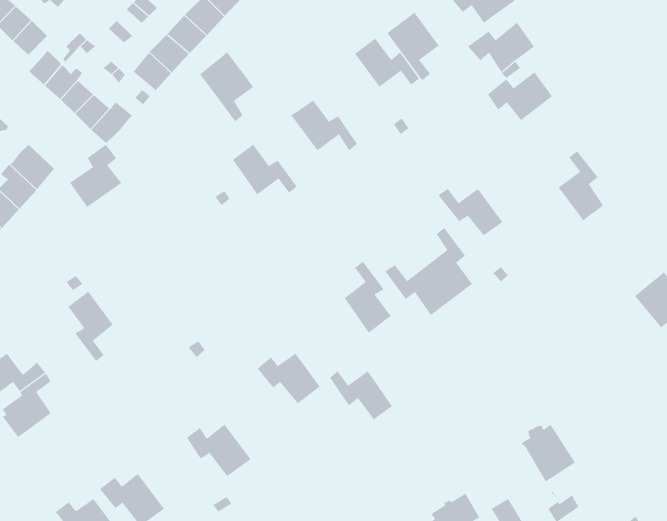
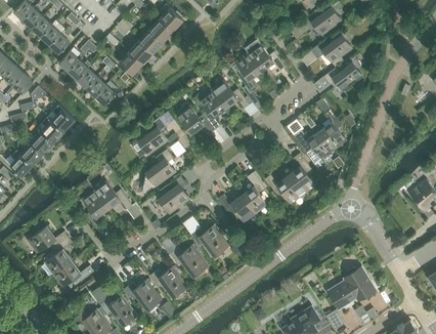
building: [386,12,440,81] -> [230,52,261,92]
building: [199,51,254,122] -> [193,88,225,129]
building: [69,144,122,208] -> [137,118,168,155]
building: [558,150,604,221] -> [318,109,345,150]
building: none -> [145,149,175,186]
building: none -> [159,175,188,213]
building: none -> [93,180,131,209]
building: [329,371,393,420] -> [218,194,255,222]
building: none -> [169,245,207,276]
building: none -> [52,260,93,287]
building: none -> [124,280,161,309]
building: none -> [328,280,355,308]

